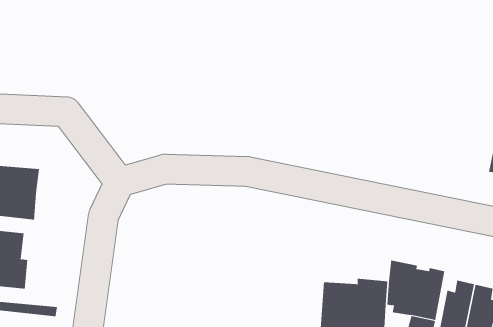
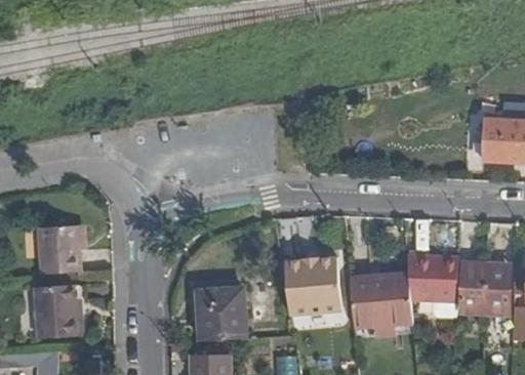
building: none -> [285,258,341,316]
building: none -> [197,289,246,342]

